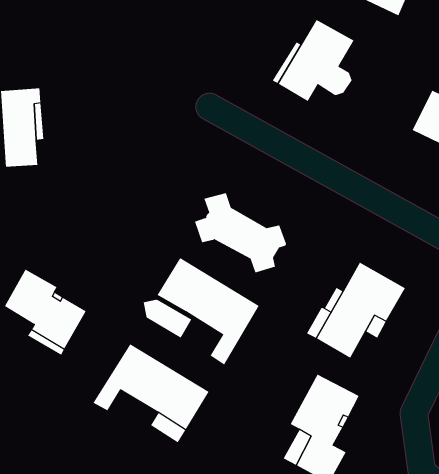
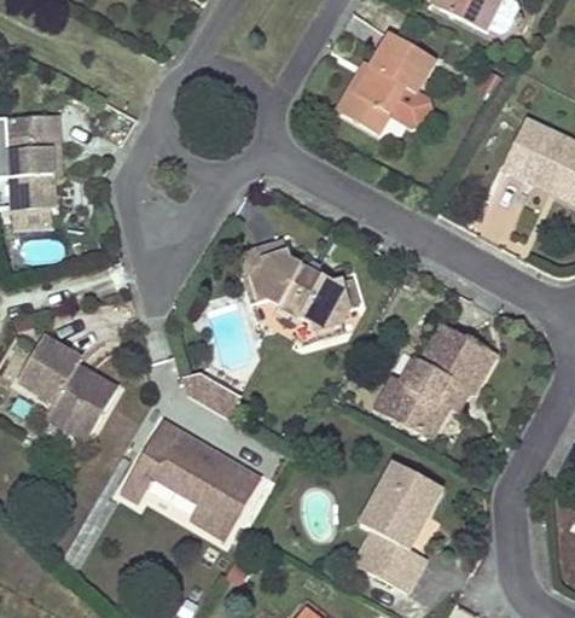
building: [157,257,259,366] -> none

